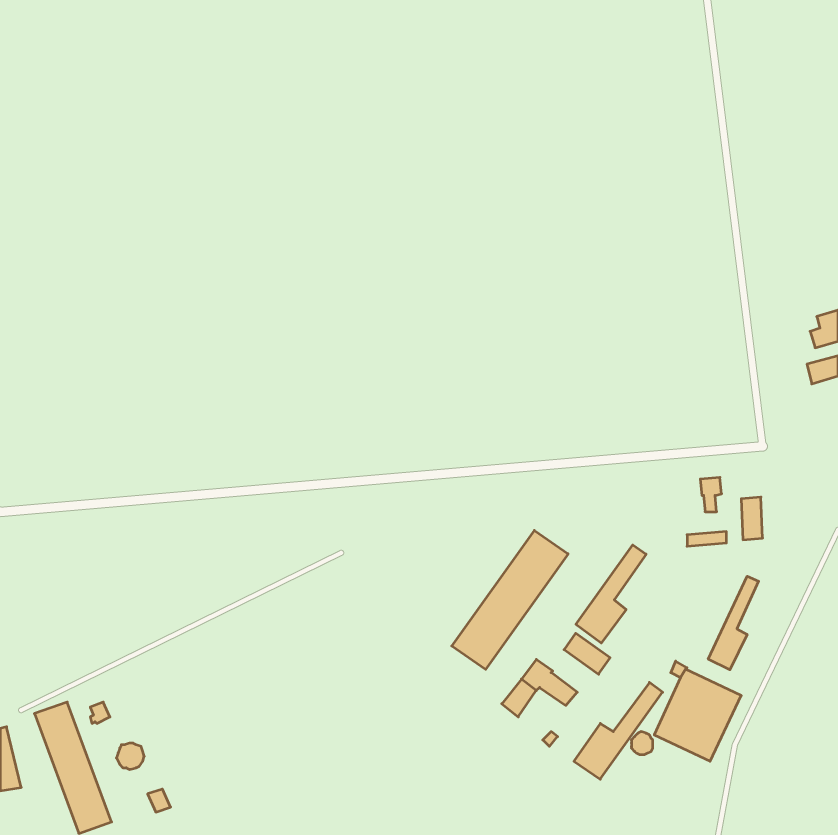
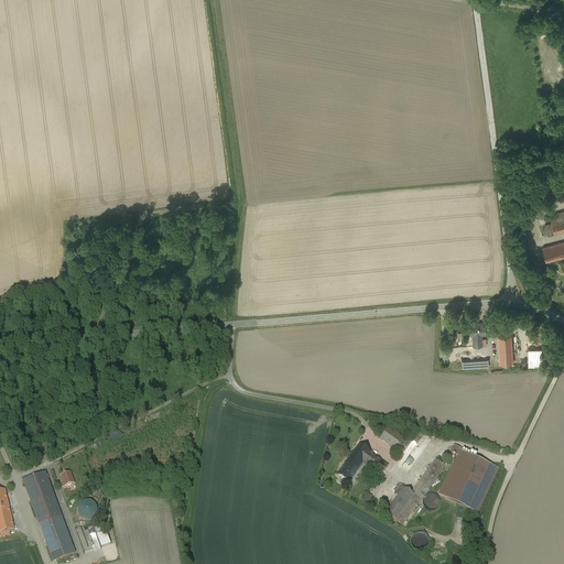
building: [452,530,568,669] -> none
building: [576,545,646,643] -> none
building: [708,576,759,670] -> none

